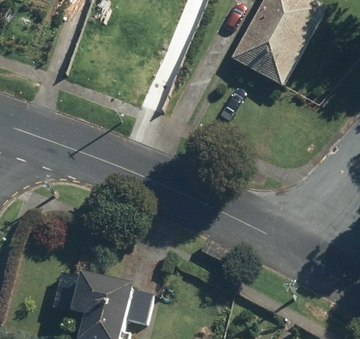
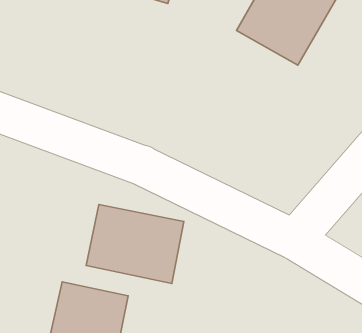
building: none -> [86,204,184,283]

